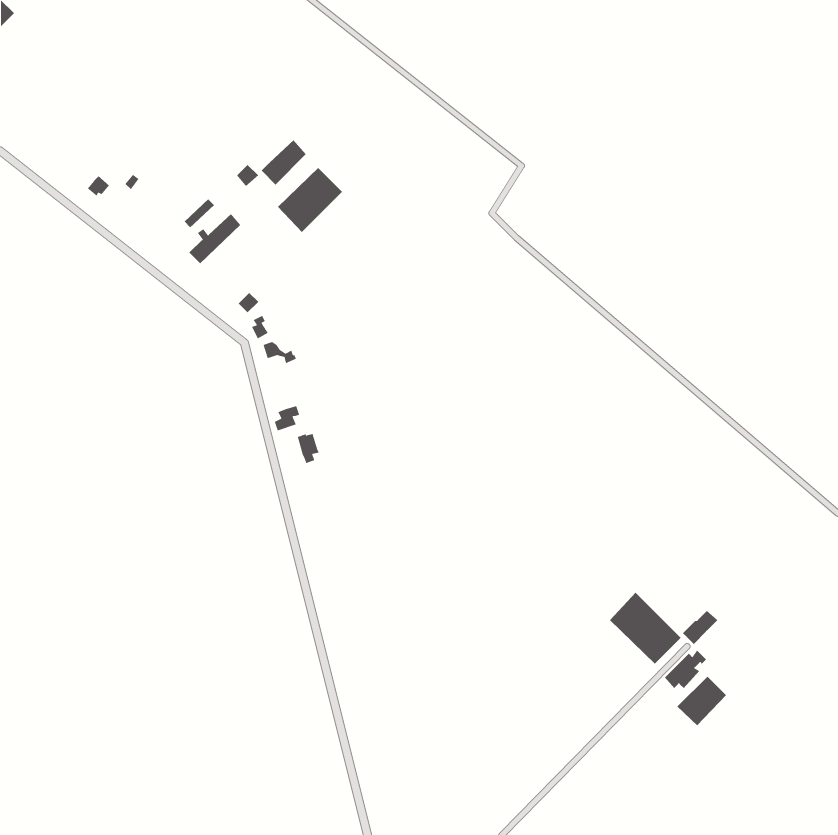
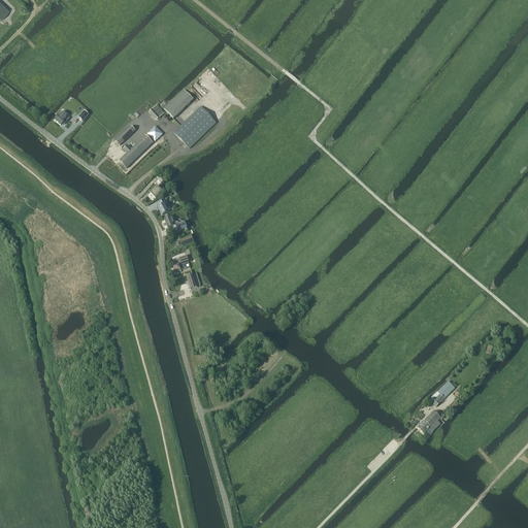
building: [609,592,682,664] -> none
building: [676,676,727,726] -> none

